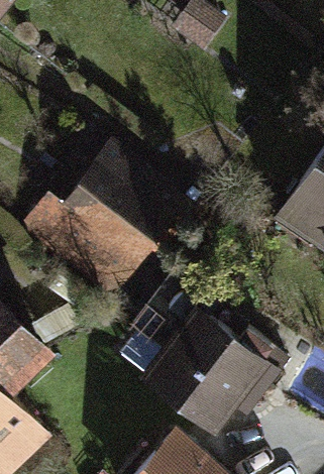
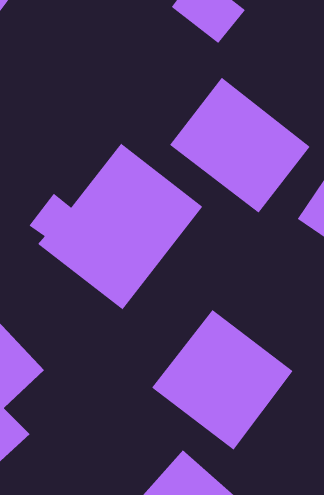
building: none -> [169,77,311,213]

